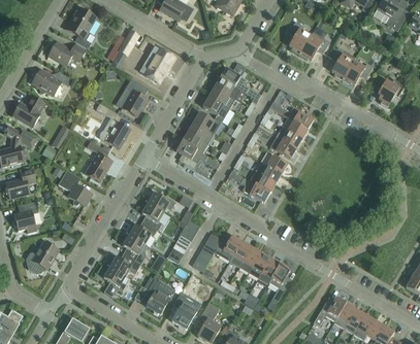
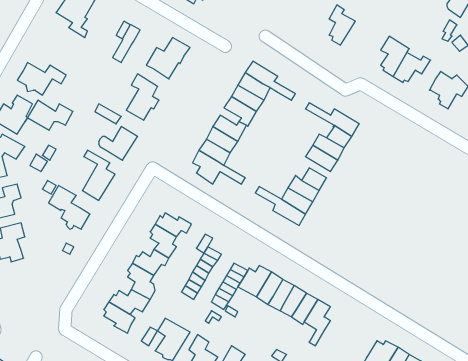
building: [298,32,329,60] -> none
building: [46,41,86,66] -> [25,100,73,130]
building: [26,241,59,274] -> none

